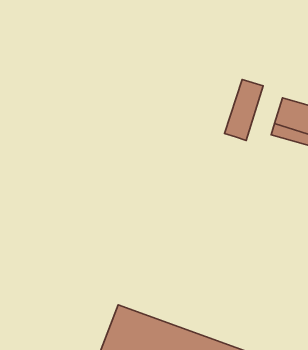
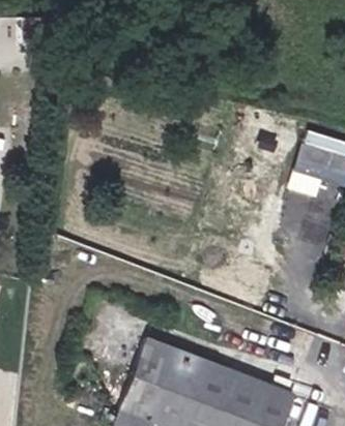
building: [225,79,263,140] -> none

